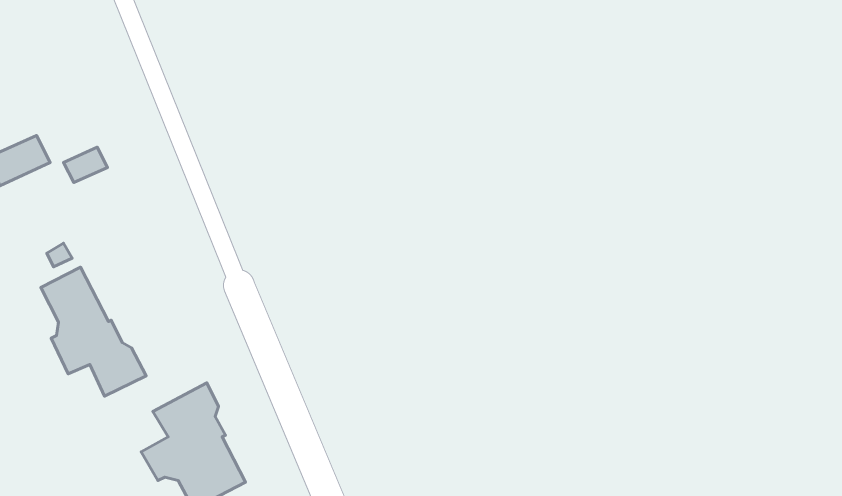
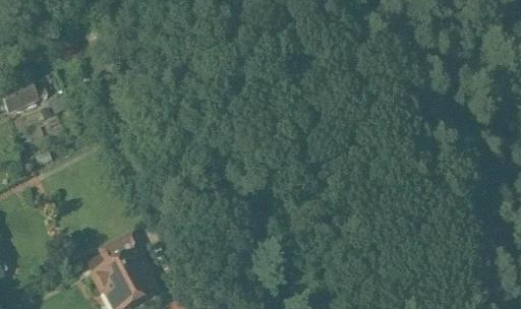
building: [41,267,146,396] -> none

